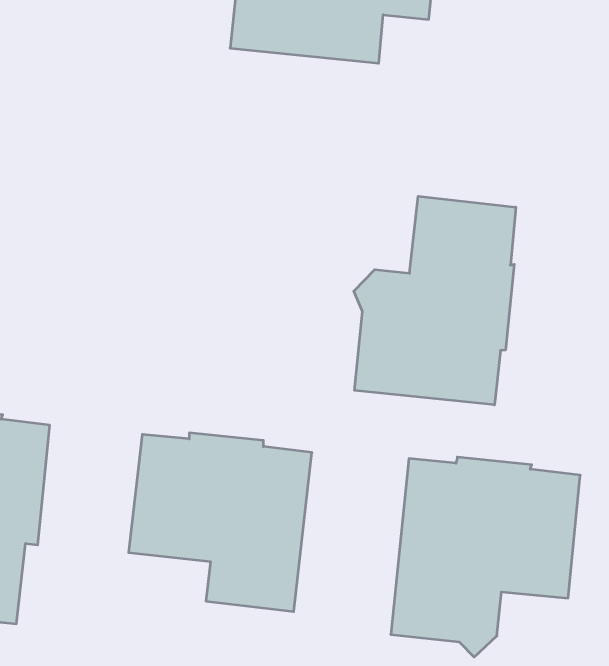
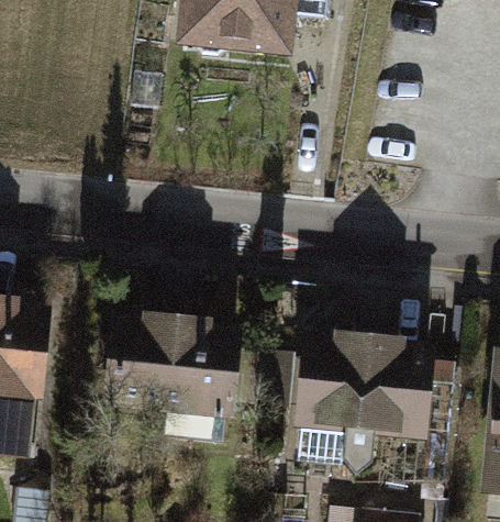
building: [354,196,516,405] -> none

